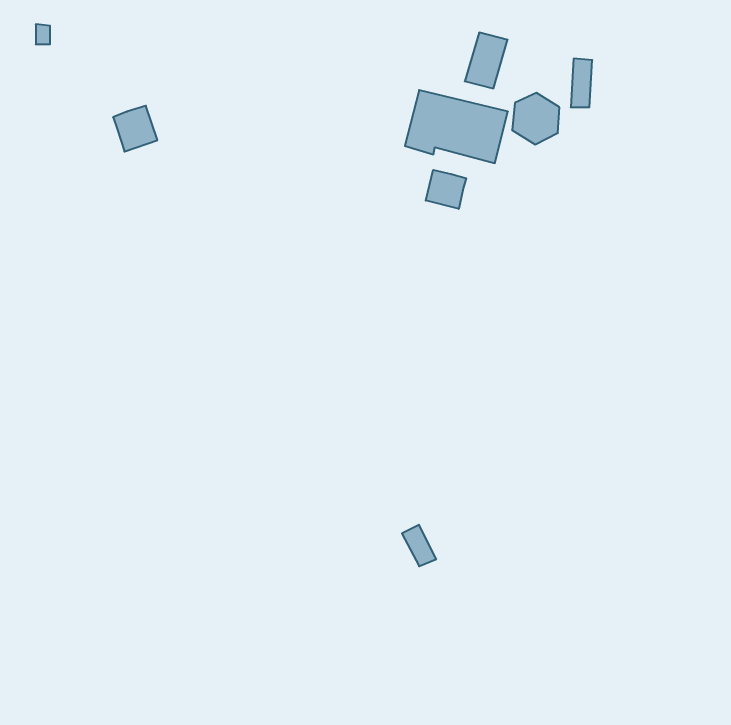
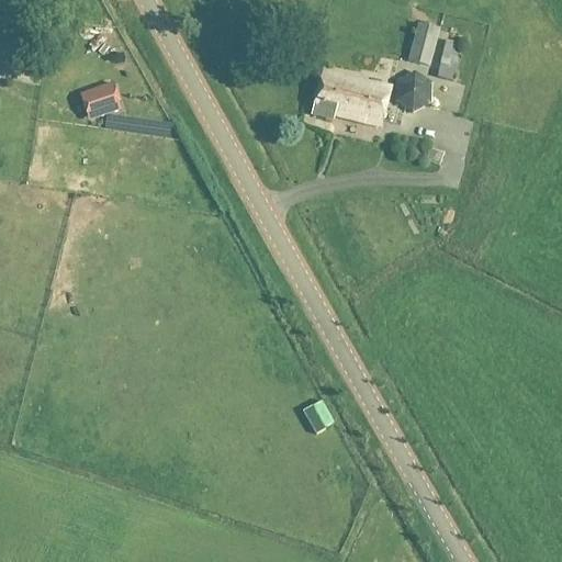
building: [465,33,508,88] -> [406,22,439,65]
building: [426,170,466,209] -> none

